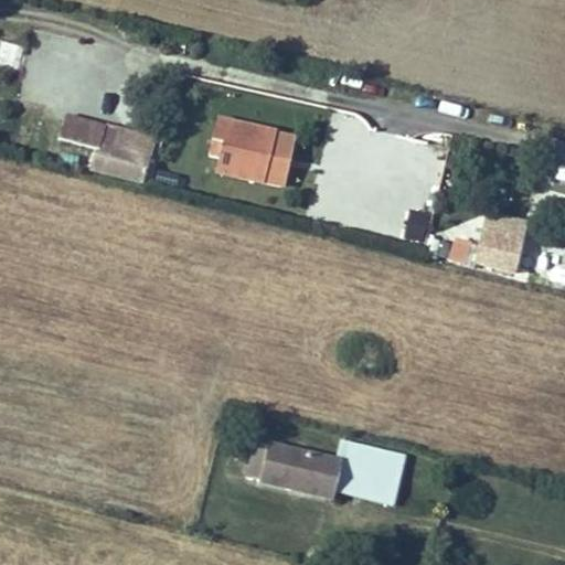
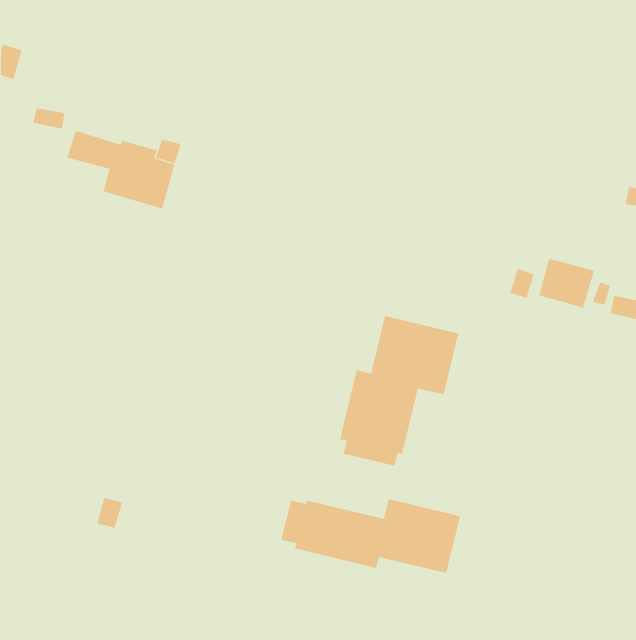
building: [212,114,280,184] -> none
building: none -> [340,315,459,466]

